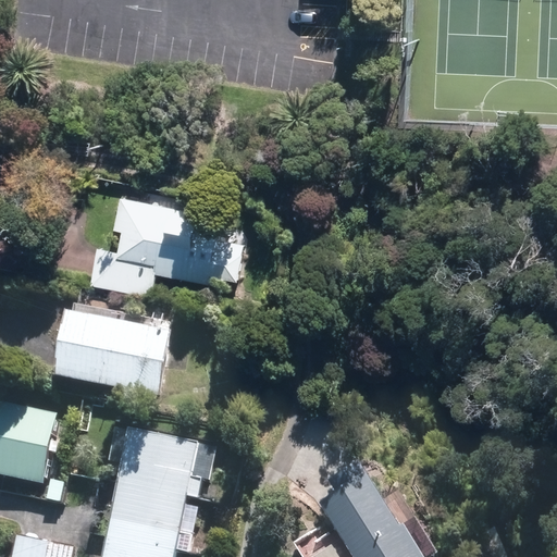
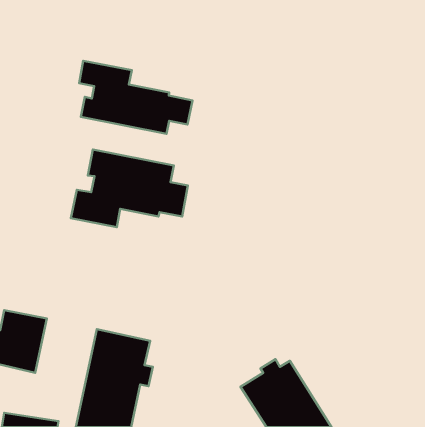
building: none -> [79,61,192,134]
building: [51,315,172,401] -> none

